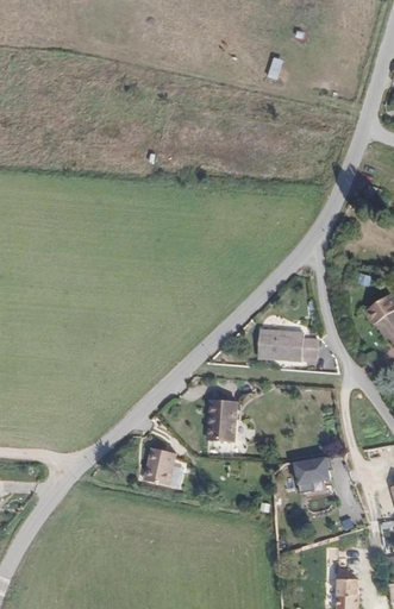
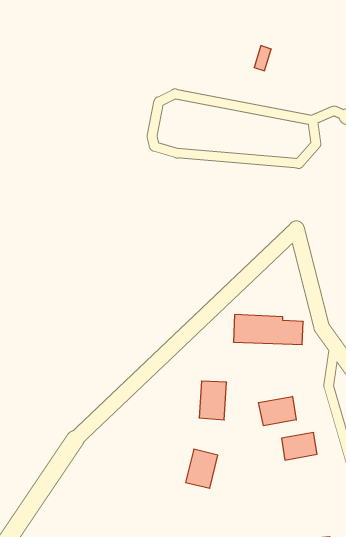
building: none -> [258,396,296,426]
building: [142,447,175,488] -> [186,449,218,488]

